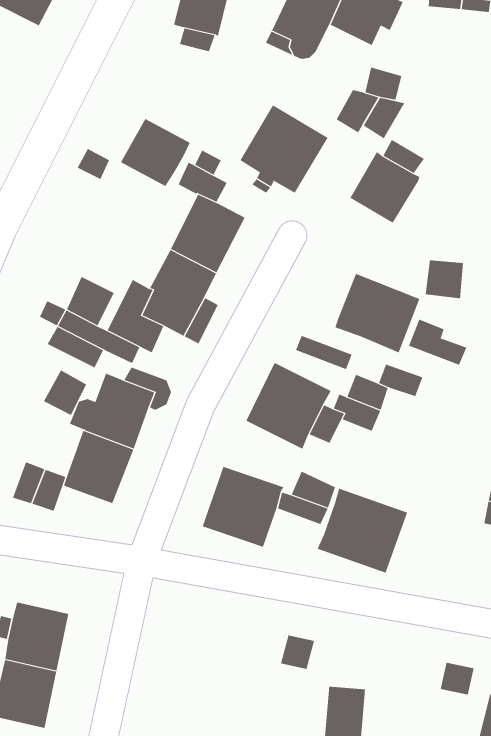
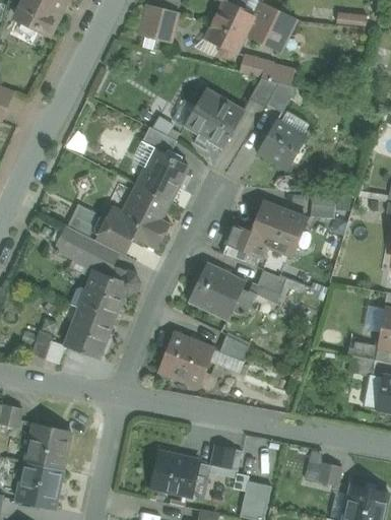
building: none -> [240,55,272,79]
building: [120,118,191,187] -> none
building: [408,319,467,365] -> [225,224,265,256]
building: [43,369,87,416] -> none
building: [317,488,408,573] -> none
building: none -> [153,451,203,496]

